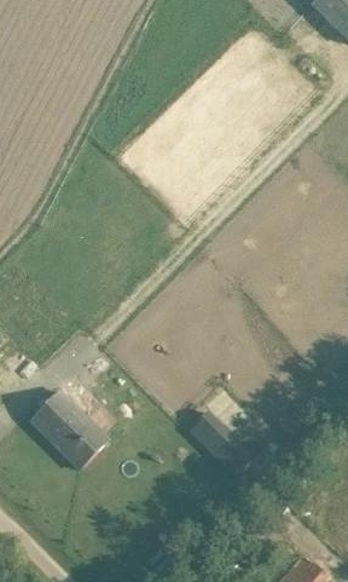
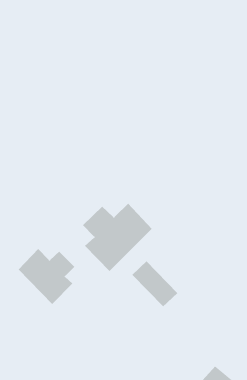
building: none -> [82,203,153,272]

